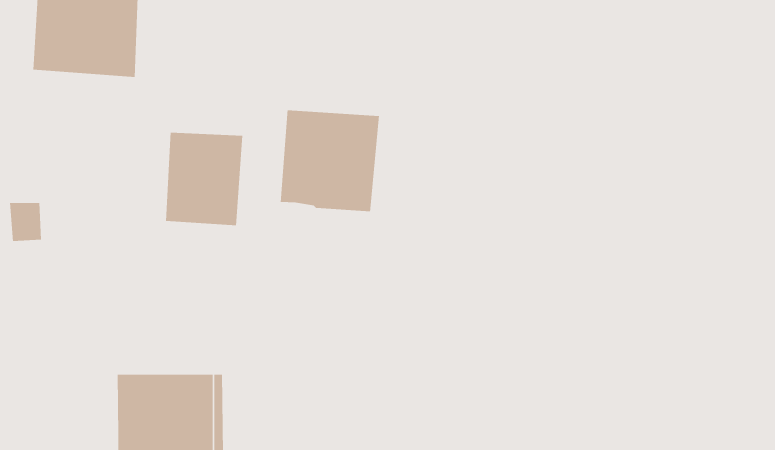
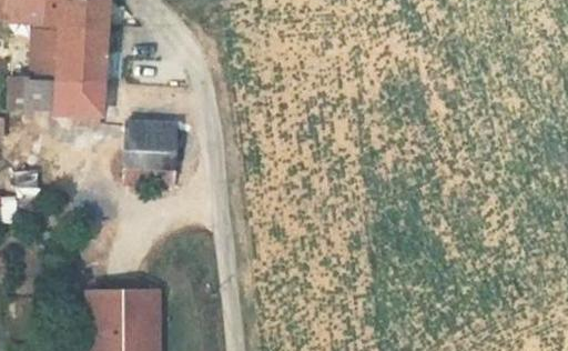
building: none -> [28,73,102,114]
building: [280,109,379,212] -> none

